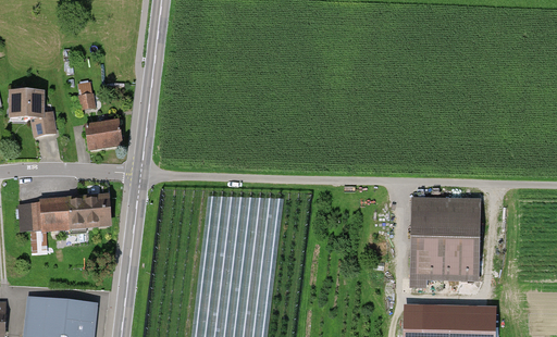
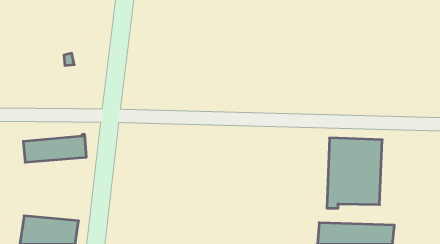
building: [10,90,55,134] -> none
building: [85,120,122,147] -> none

